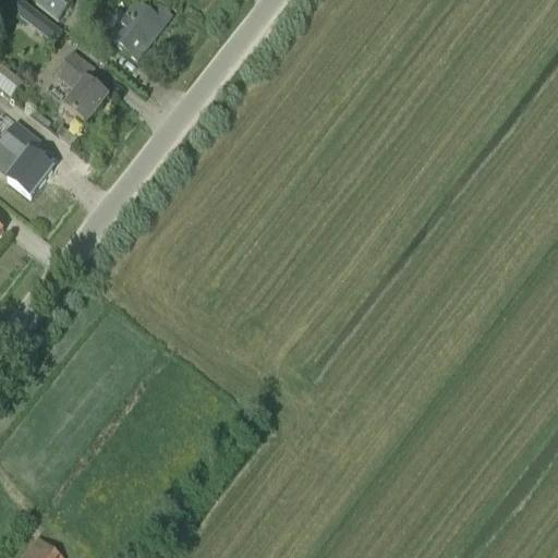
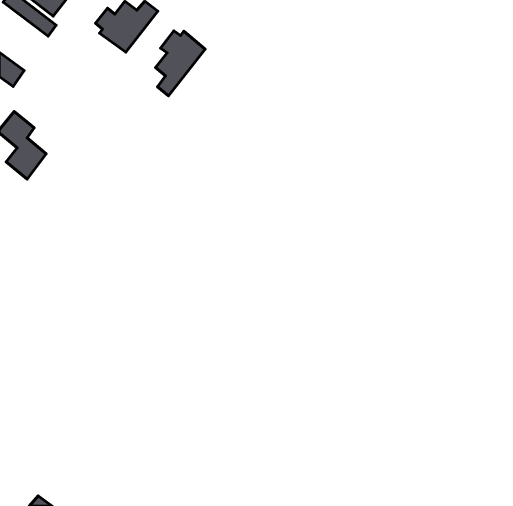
building: none -> [155,31,205,96]
building: [54,49,107,122] -> none

